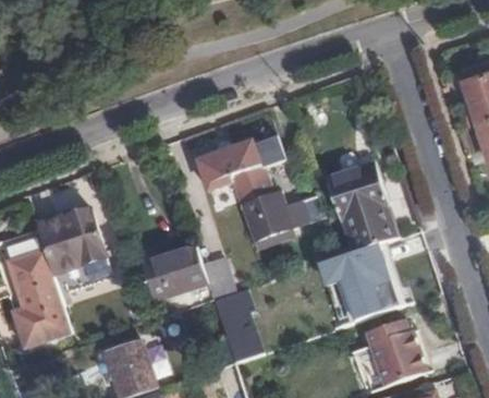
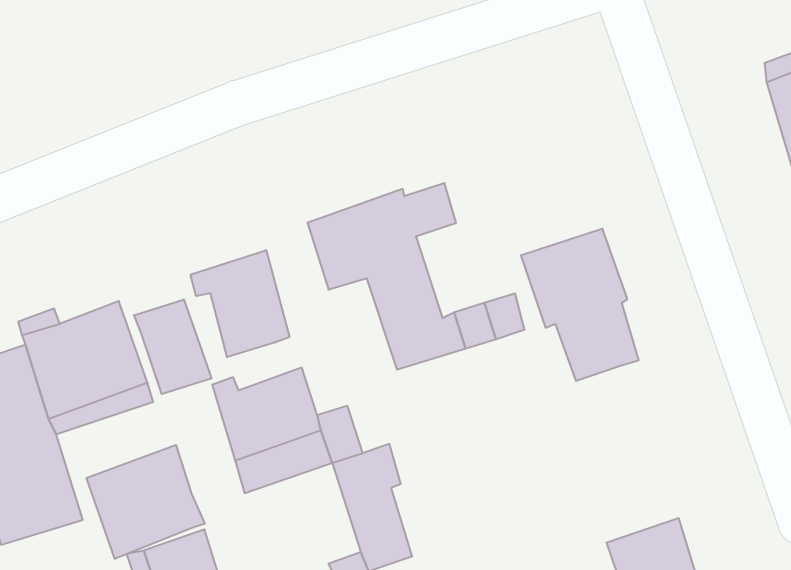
building: none -> [191,250,290,357]
building: none -> [134,299,212,394]
building: [318,243,399,317] -> none
building: none -> [87,445,205,559]

